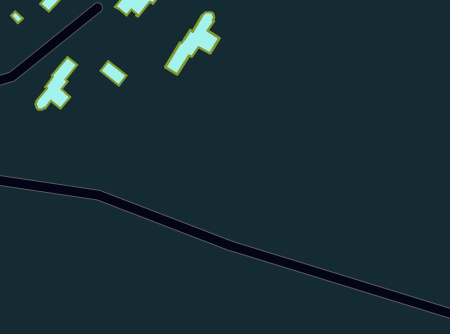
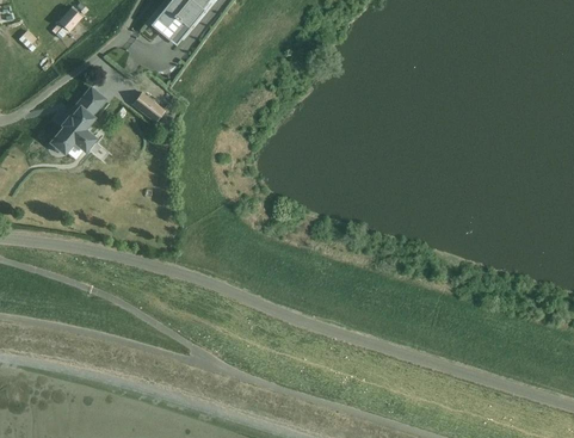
building: [165,12,220,75] -> none

